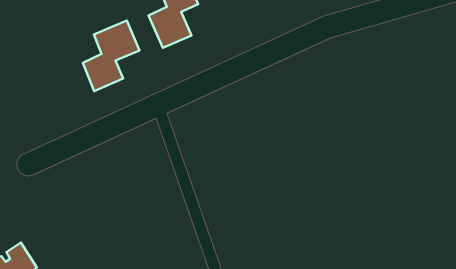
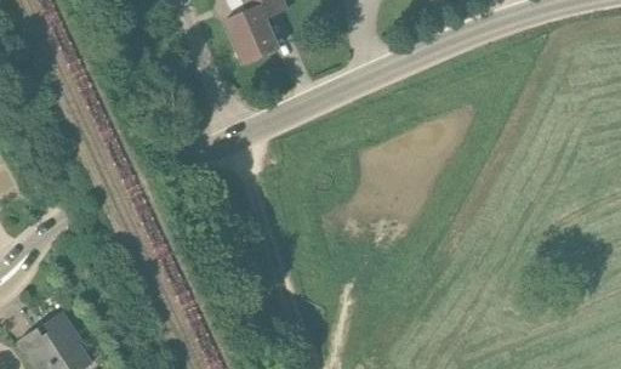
building: [83,21,140,91] -> none

